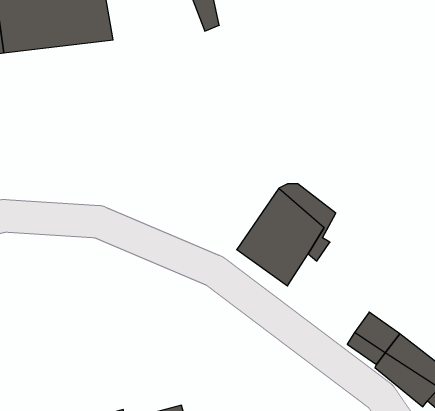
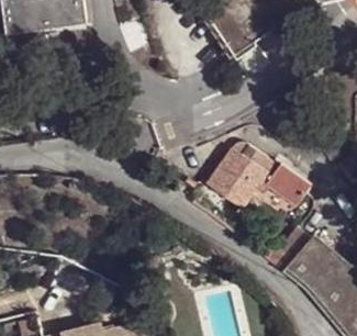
building: none -> [256,159,302,206]

